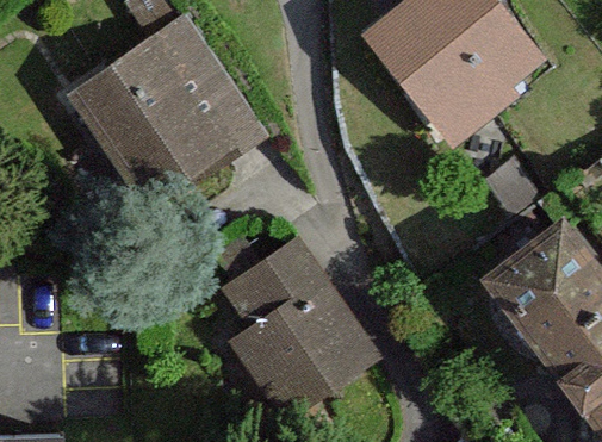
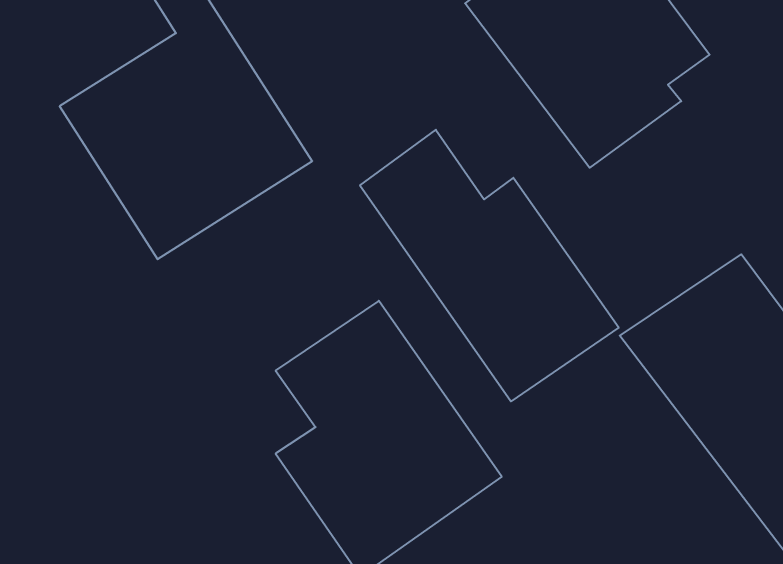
building: none -> [360,130,619,401]

